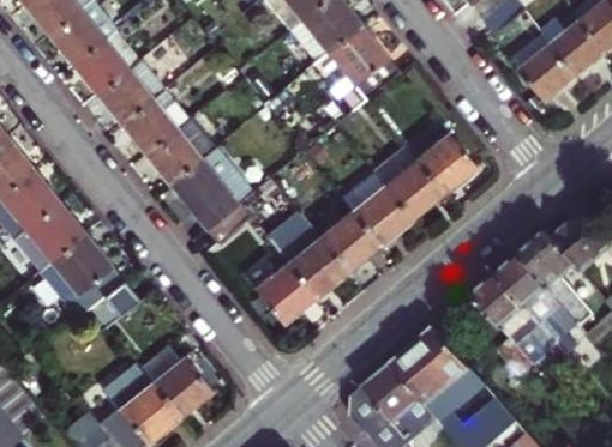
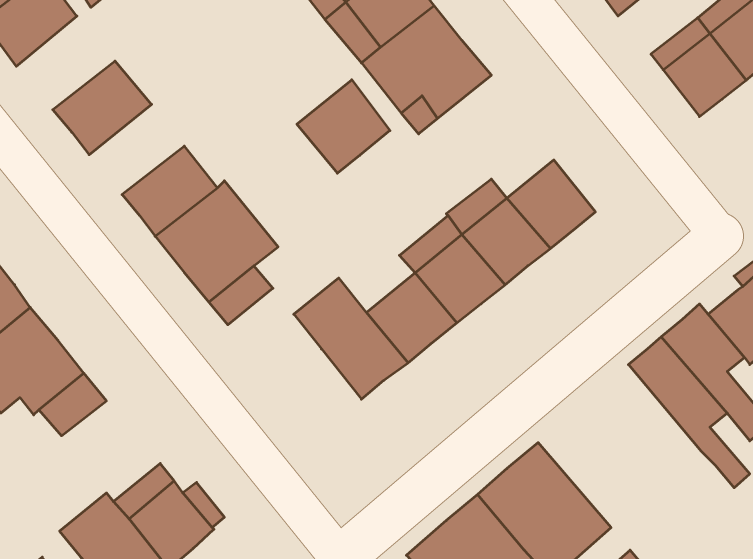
building: [73,32,142,97] -> none
building: none -> [297,80,390,173]
building: [124,93,190,156] -> none
building: [253,262,312,322] -> none
building: [473,273,557,376] -> none

